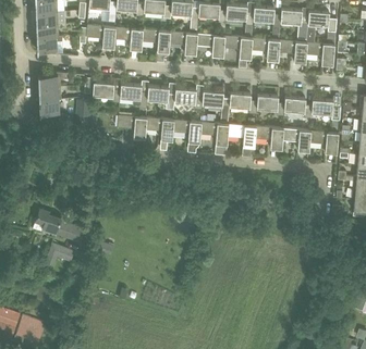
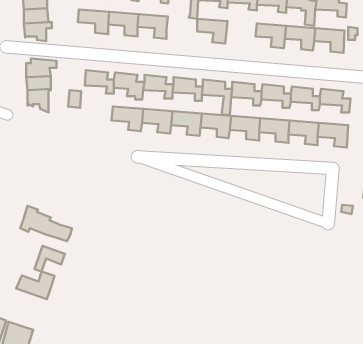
building: [169,32,197,54] -> none
building: [224,36,253,59] -> none
building: none -> [16,271,54,299]

